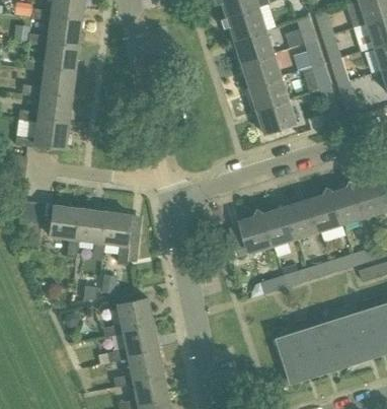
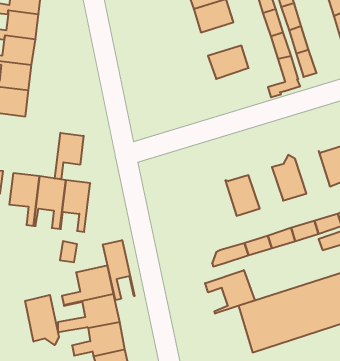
building: [241,53,282,86] -> none
building: [256,98,297,134] -> none
building: none -> [55,133,84,179]
building: [335,178,370,224] -> none
building: [289,198,323,240] -> none
building: [229,207,277,257] -> none
building: none -> [103,240,135,300]
building: none -> [205,270,255,314]
building: none -> [25,295,59,345]

